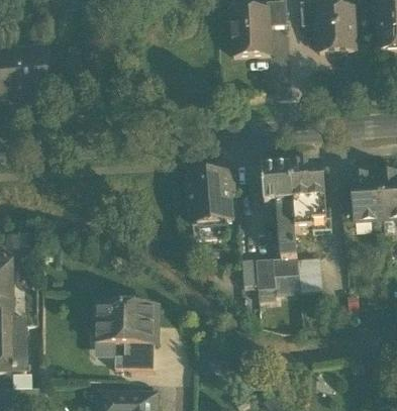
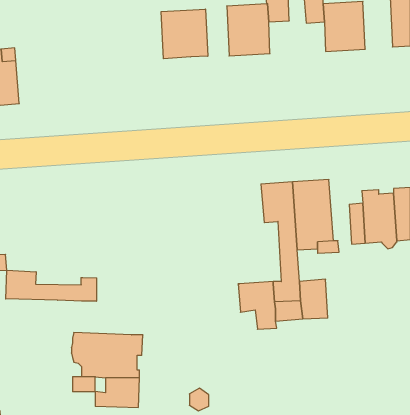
building: none -> [161,9,208,59]
building: [188,173,232,223] -> none
building: none -> [6,270,97,301]

